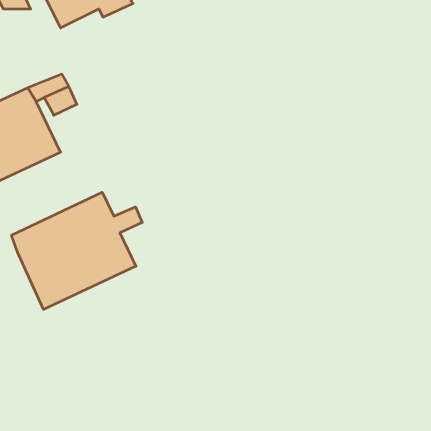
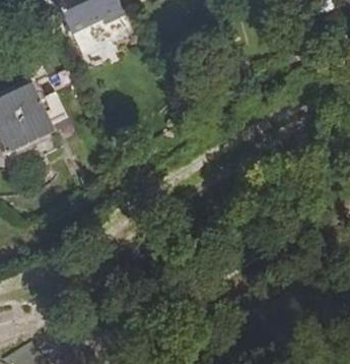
building: [12,192,142,309] -> none

